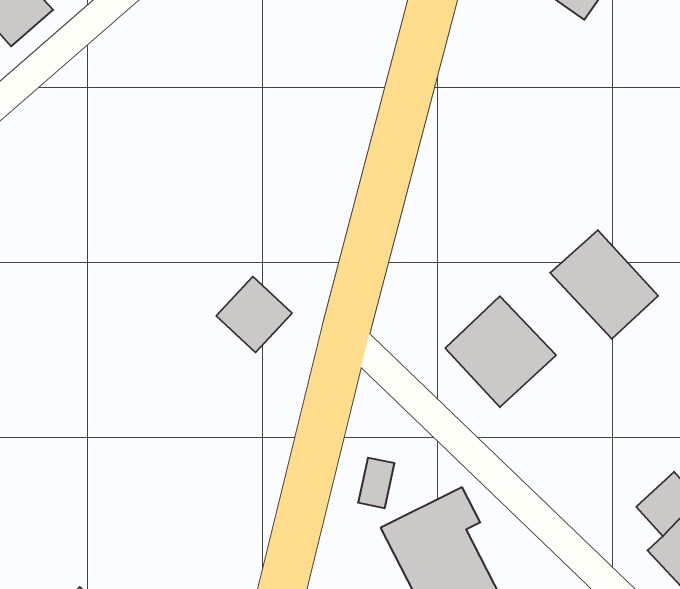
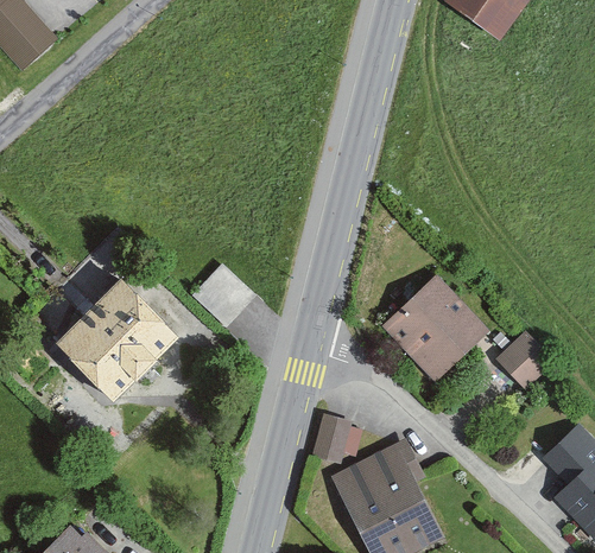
building: [550,230,658,339] -> none
building: none -> [53,277,177,399]
building: none -> [498,335,546,383]

